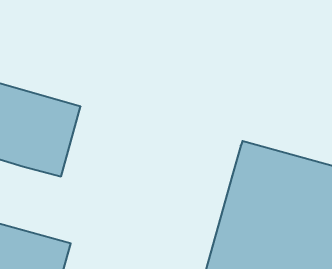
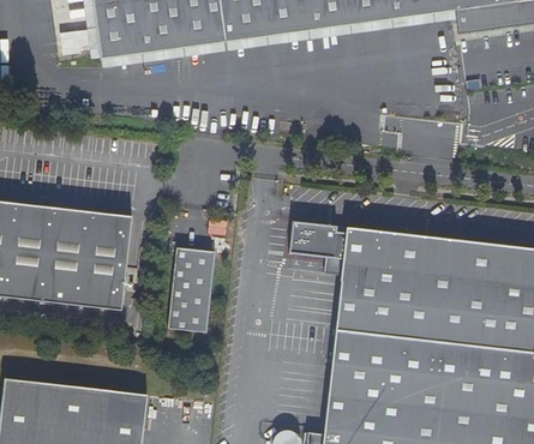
building: none -> [288,220,344,272]
building: none -> [169,251,216,335]

